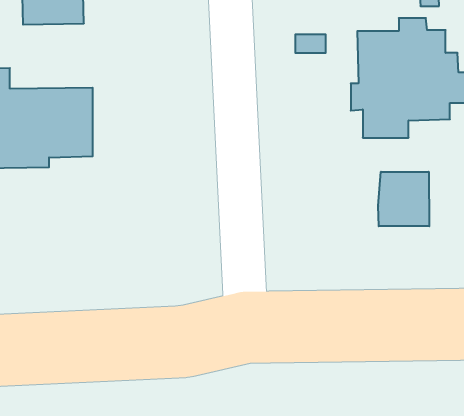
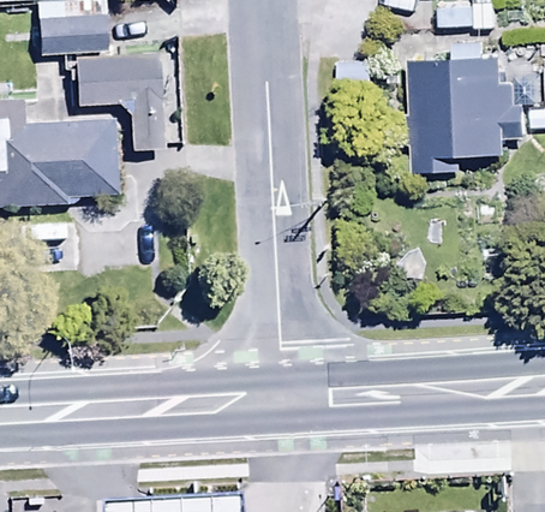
building: none -> [74,56,167,149]
building: [378,172,429,226] -> none

